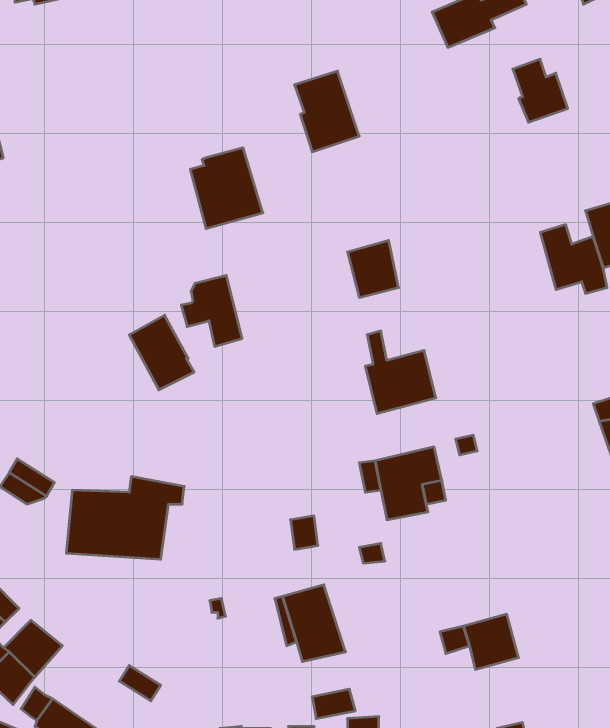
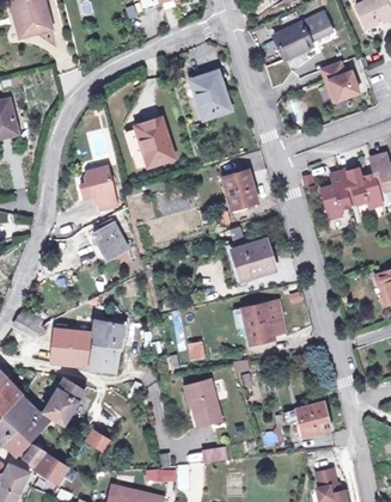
building: none -> [320,170,352,219]
building: [181,275,242,346] -> [79,165,116,208]
building: none -> [47,380,86,426]

